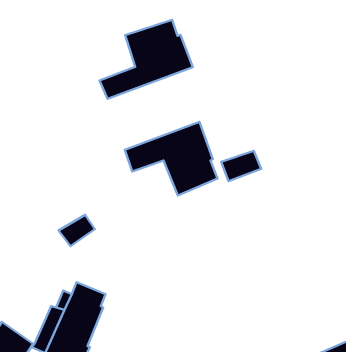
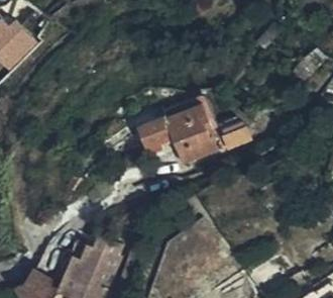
building: [100,20,193,99] -> none

